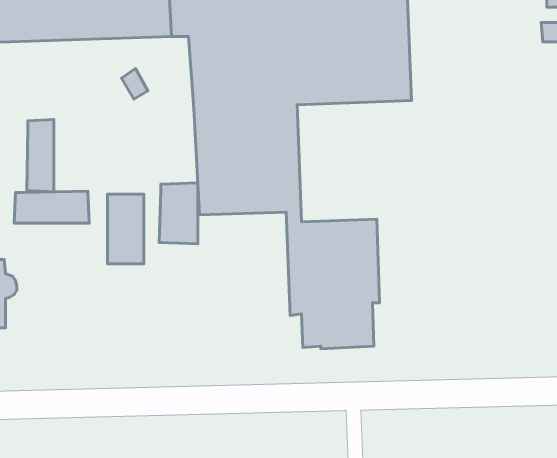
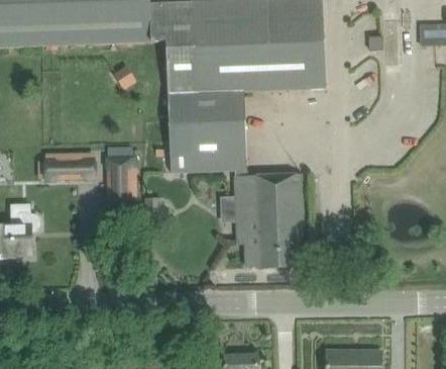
building: [27,119,54,192] -> none
building: [159,183,198,244] -> none

